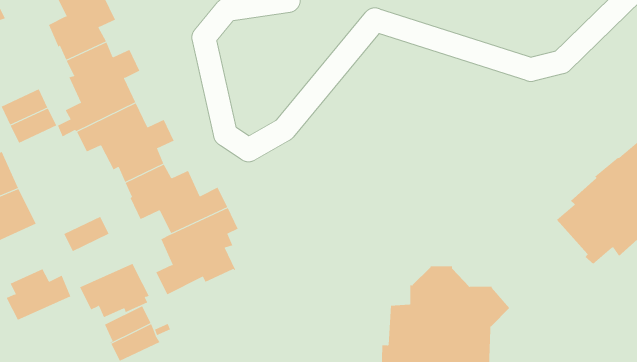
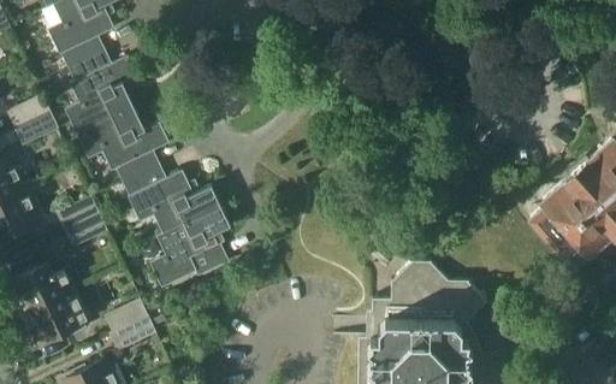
building: none -> [57,196,100,231]
building: [79,263,149,318] -> [22,290,88,342]

